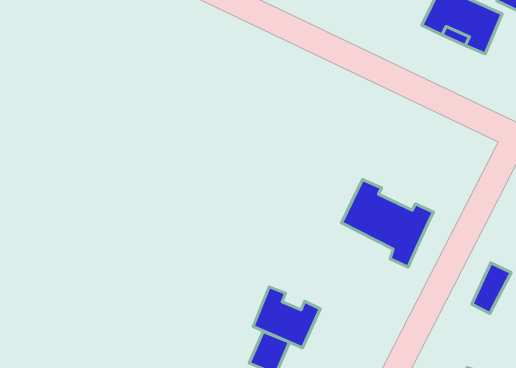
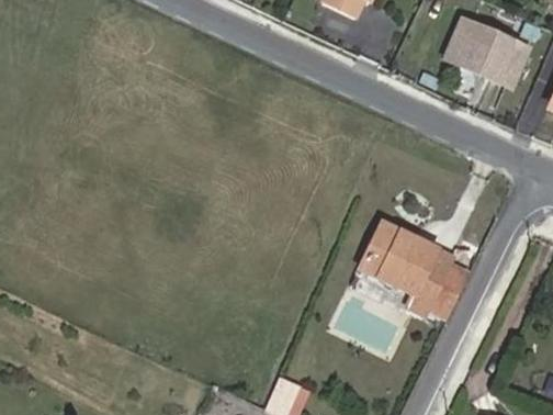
building: [472,263,511,314] -> [433,259,474,312]
building: [253,287,320,348] -> none

